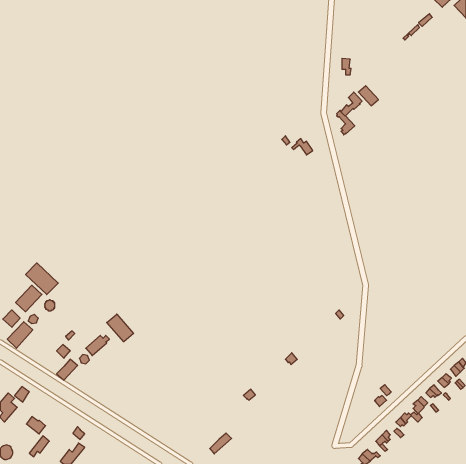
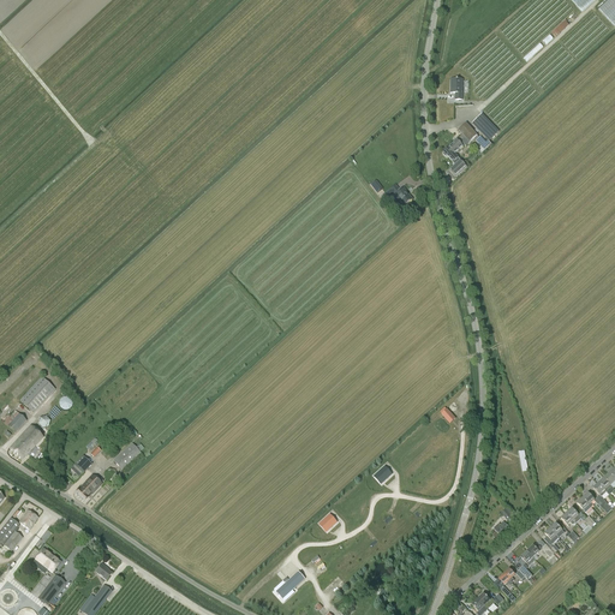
building: [26,263,58,295] -> none
building: [107,314,134,342] -> none

